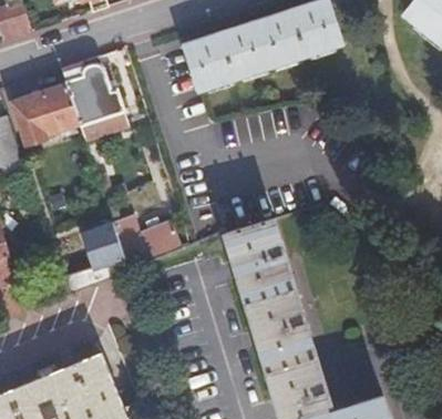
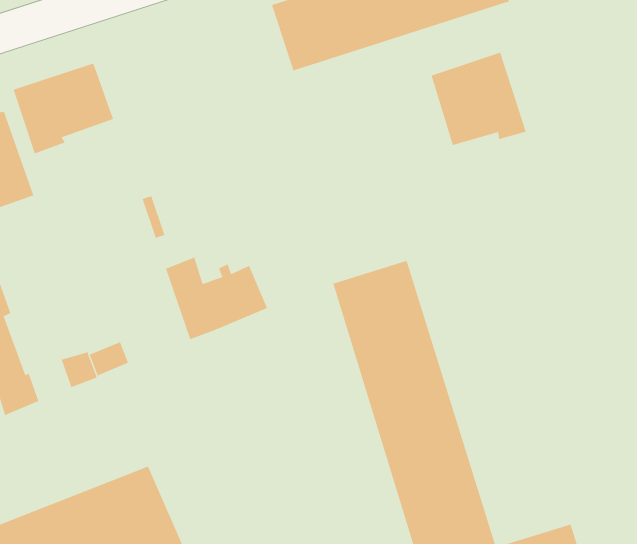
building: [58,58,125,141] -> none
building: none -> [431,52,527,146]
building: [80,223,126,275] -> none

